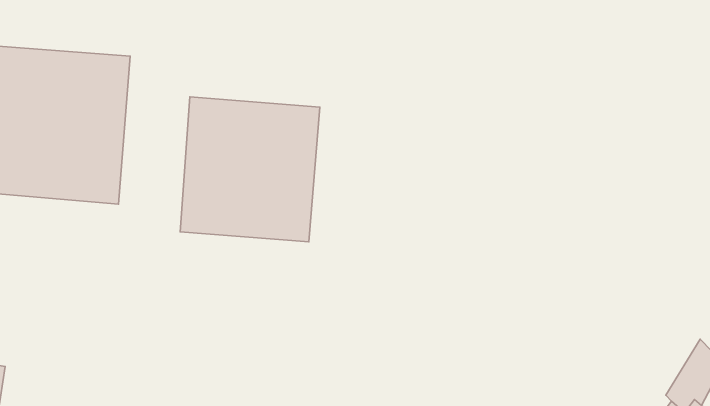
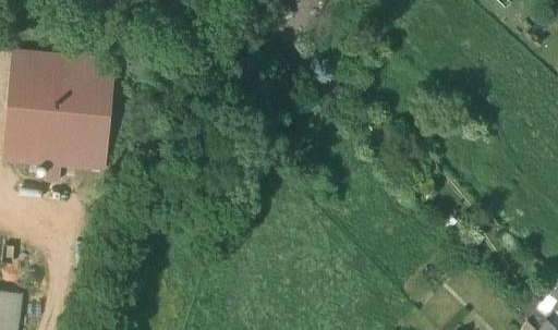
building: [180,97,320,242] -> none

